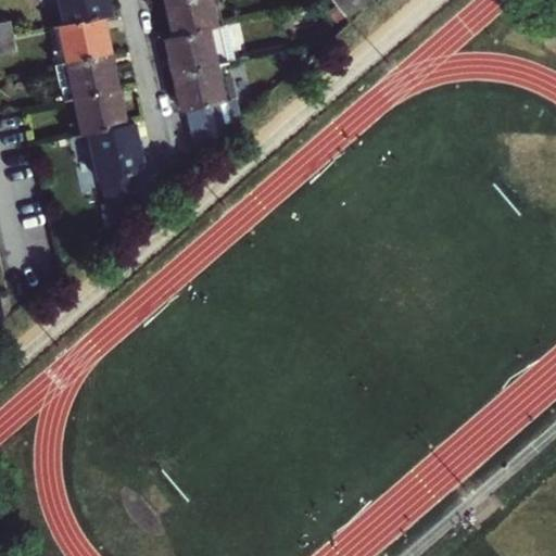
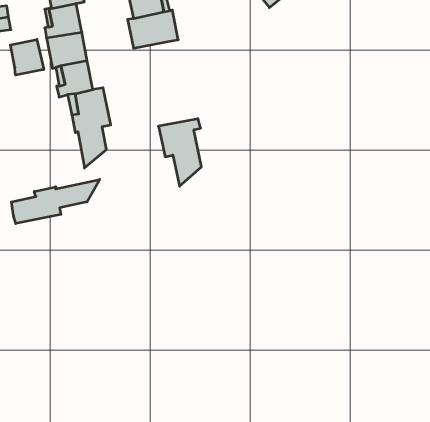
building: none -> [10,39,44,75]
building: [172,52,227,139] -> [158,119,201,186]
building: none -> [11,179,100,224]

